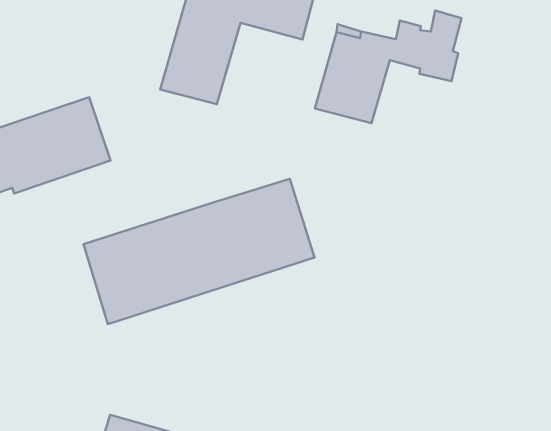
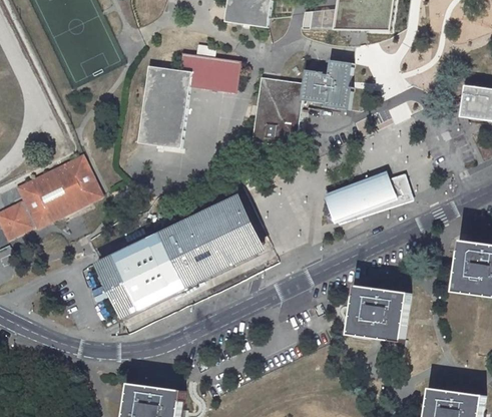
building: none -> [325,172,407,222]
building: none -> [350,287,410,343]

